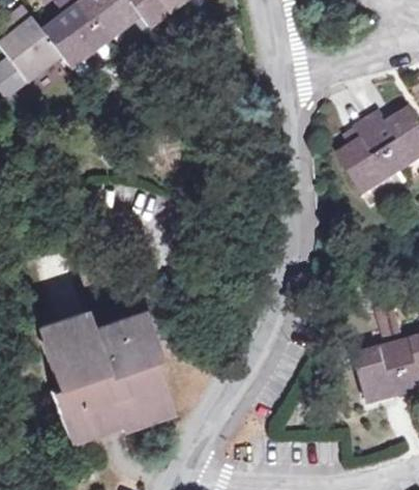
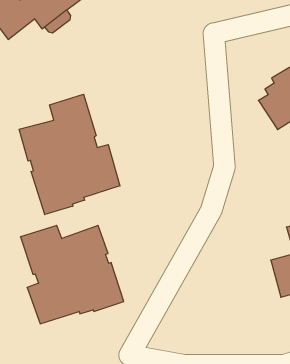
building: none -> [19,94,120,215]

